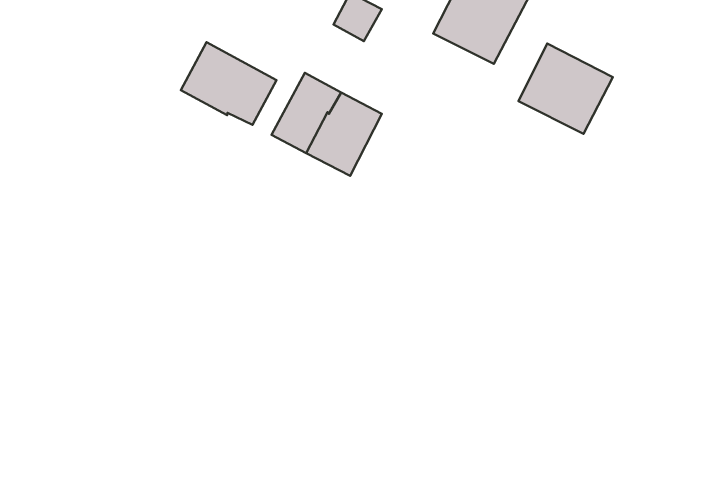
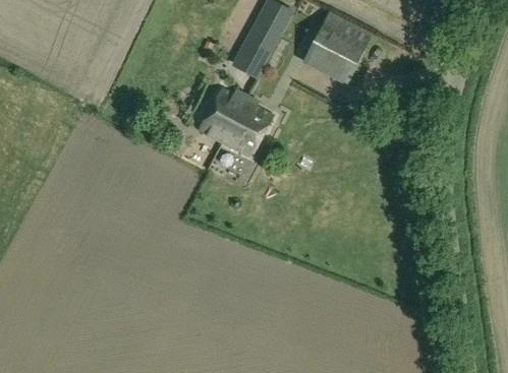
building: [181,42,277,125] -> none
building: [518,44,613,134] -> none

